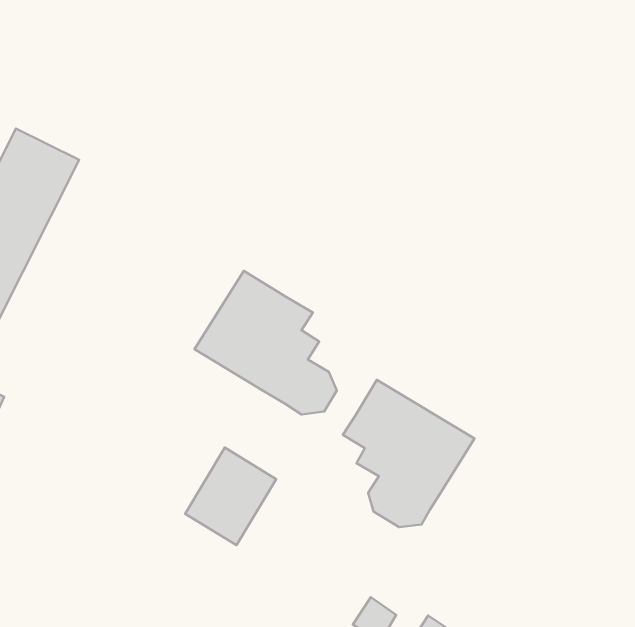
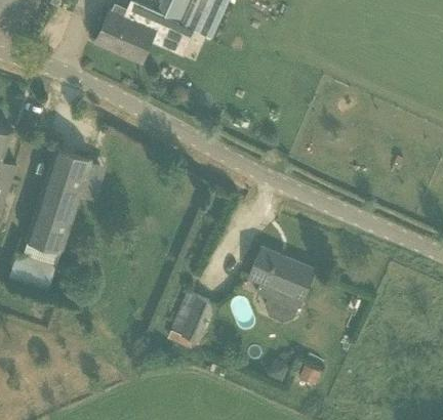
building: [195,271,337,415] -> none

